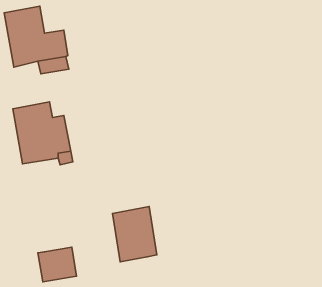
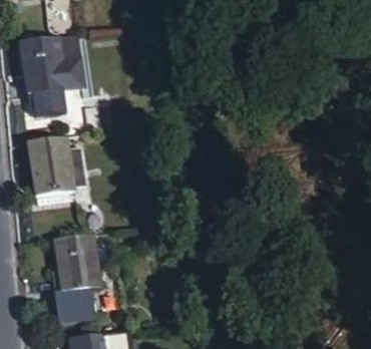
building: [112,207,157,262] -> [54,232,100,289]

